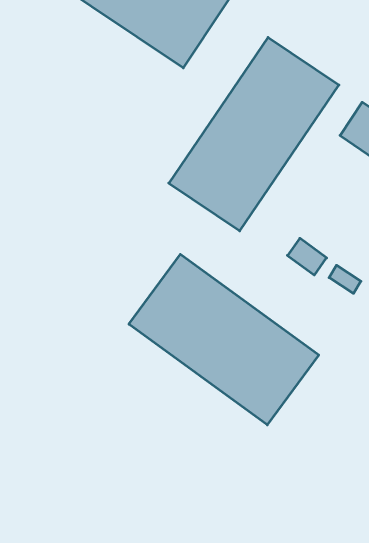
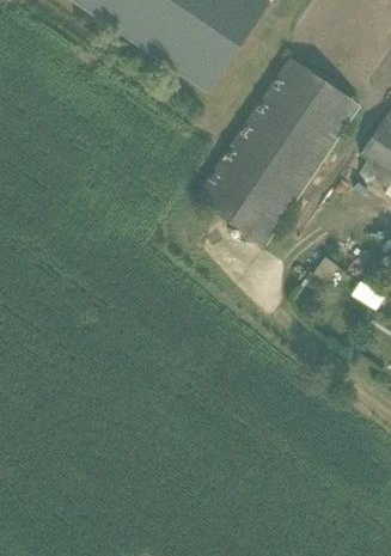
building: [129,254,319,425] -> none

